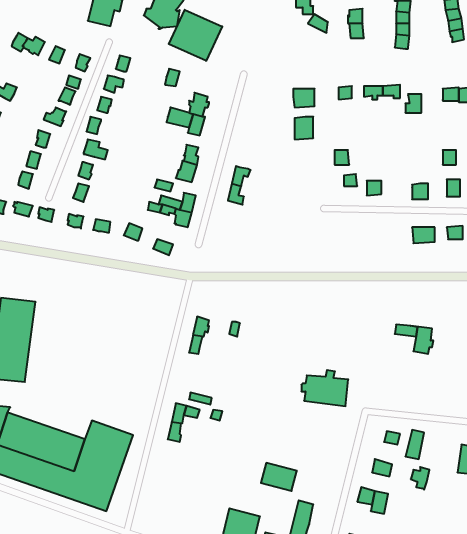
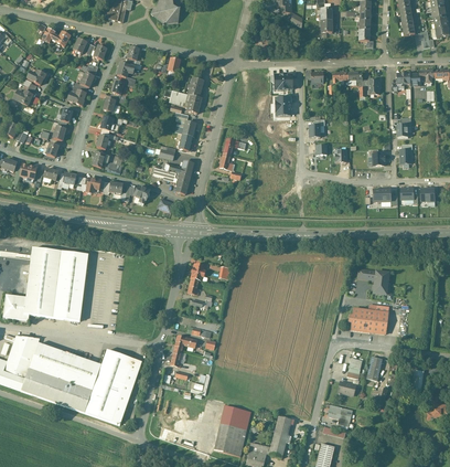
building: [169,10,222,61] -> none
building: none -> [52,251,88,321]
building: [301,370,348,406] -> [349,304,387,333]
building: [261,463,297,491] -> [221,405,250,428]

